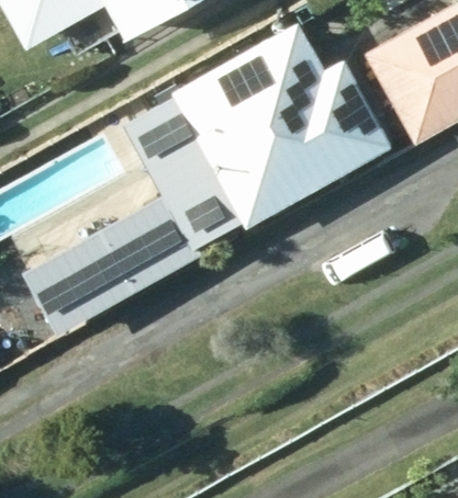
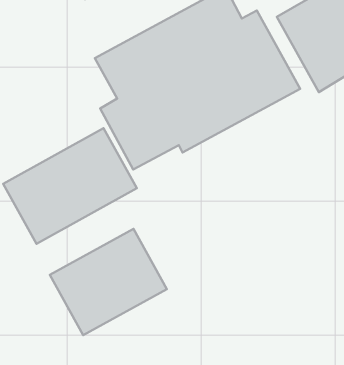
building: none -> [50,229,167,335]

